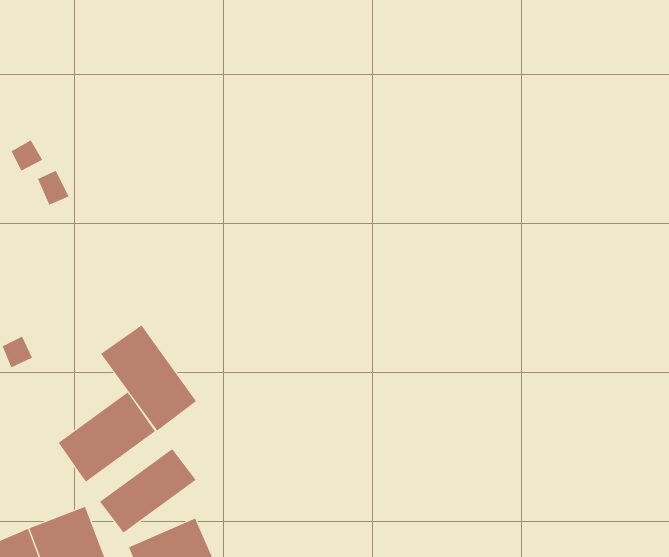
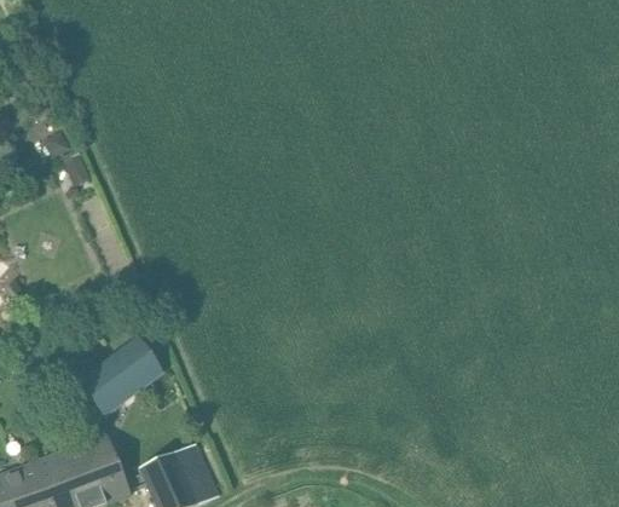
building: [100,324,197,431] -> none
building: [99,448,197,534] -> none

